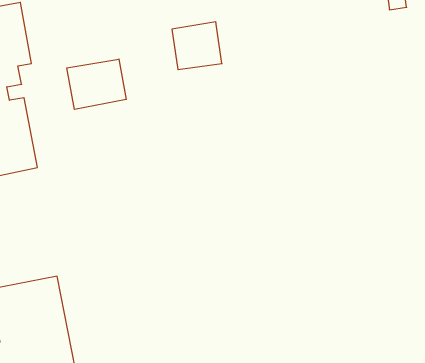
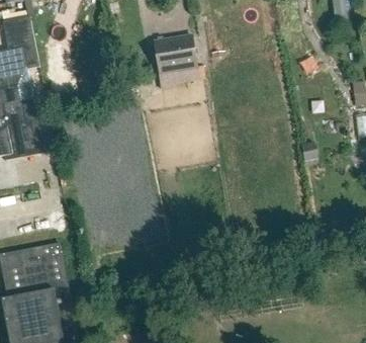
building: [67,59,126,109] -> none

